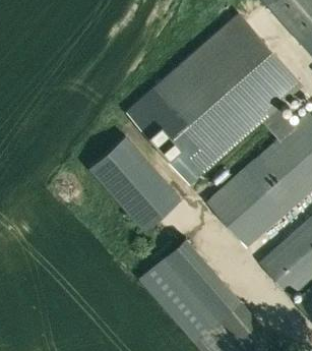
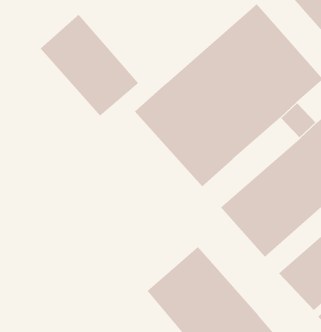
building: [89,136,180,230] -> [40,14,139,116]

